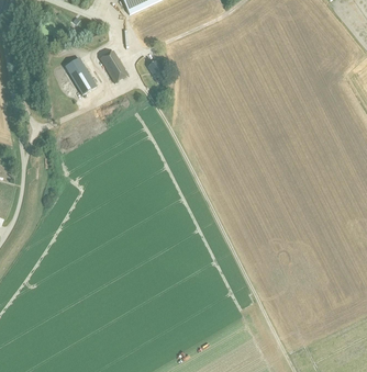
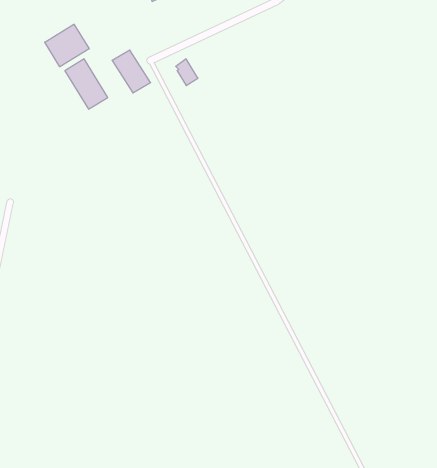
building: none -> [45,24,89,67]

